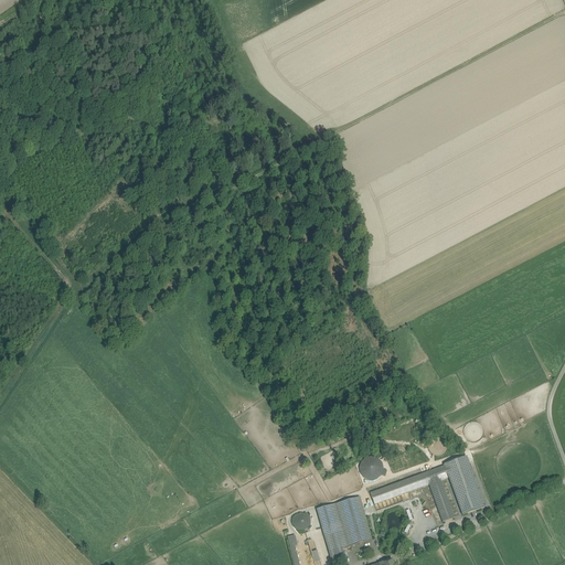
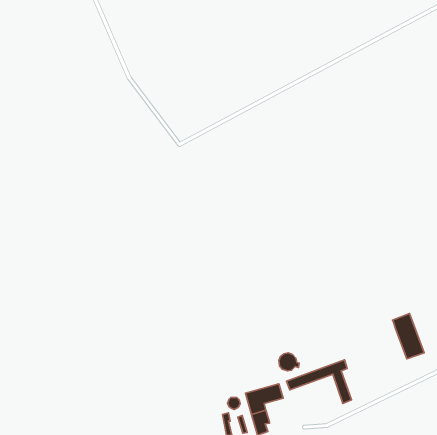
building: [444,455,484,513] -> [392,313,424,359]
building: [341,514,372,545] -> none

